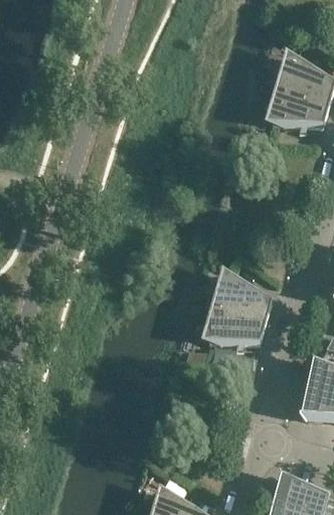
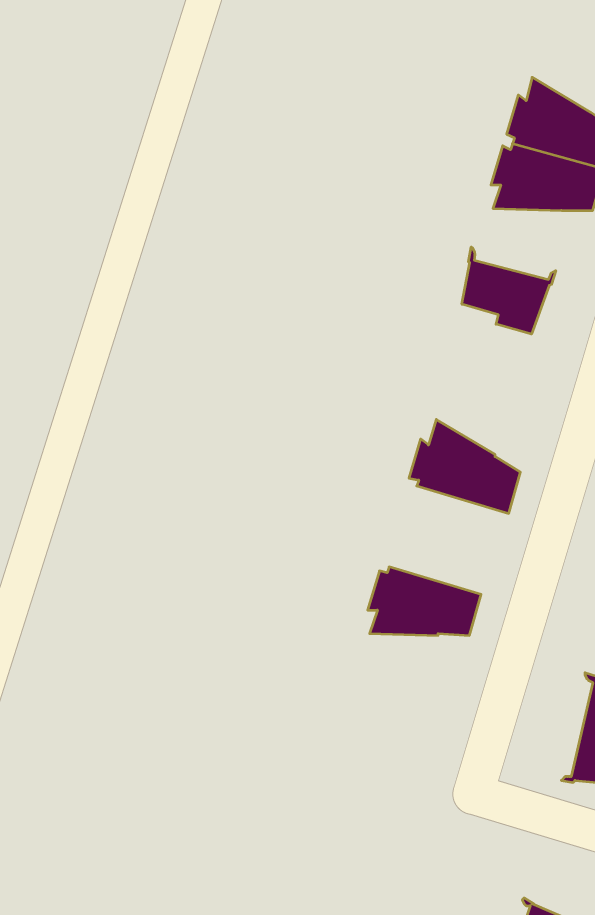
building: none -> [462,247,556,334]
building: [210,272,268,320] -> [409,419,520,513]

